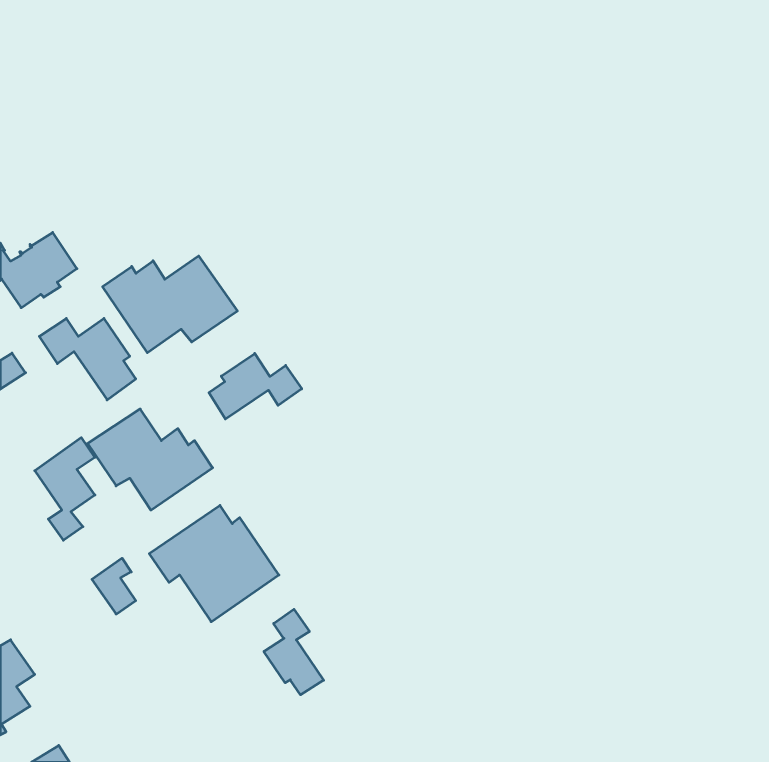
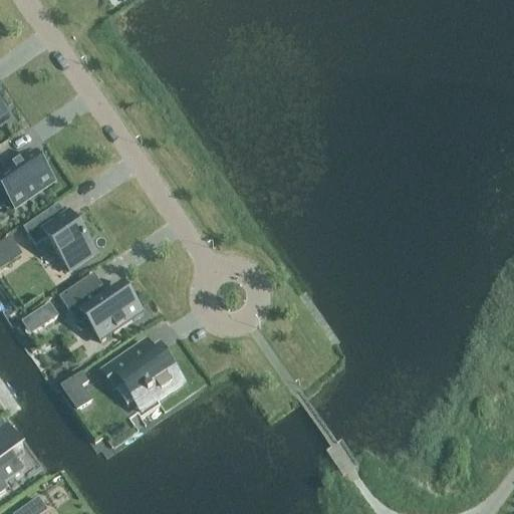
building: [103,256,237,353] -> none
building: [209,353,302,419] -> none
building: [264,609,324,695] -> none

